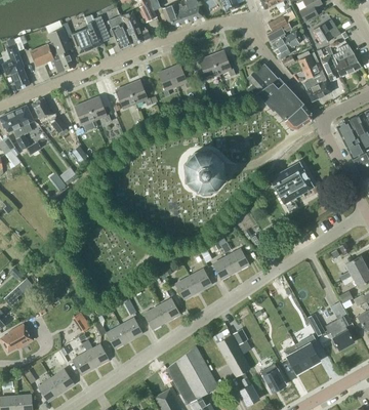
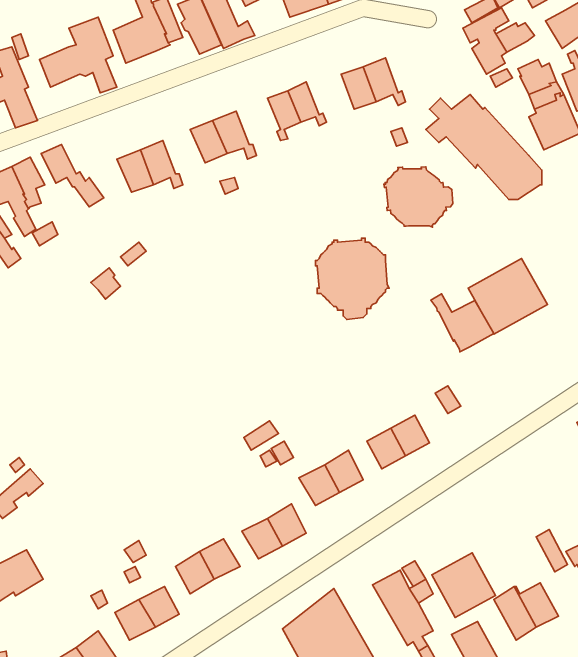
building: none -> [384,167,453,227]
building: none -> [431,294,494,352]
building: none -> [432,553,495,617]

